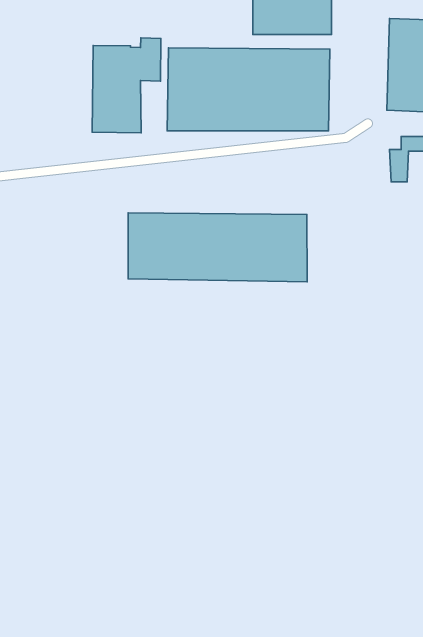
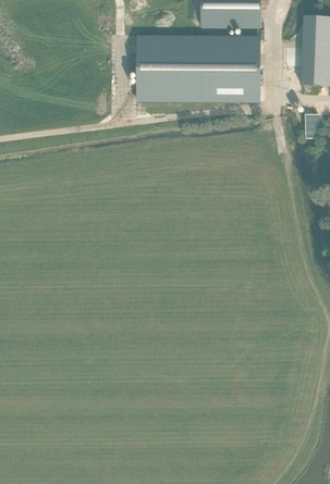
building: [92,38,161,133] -> none
building: [128,213,307,282] -> none

